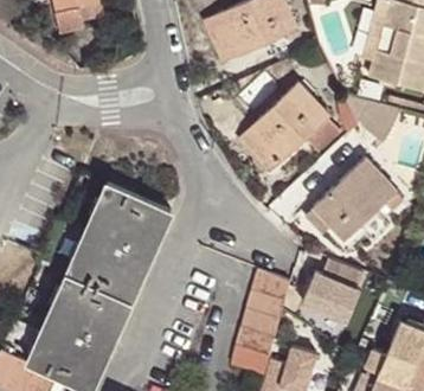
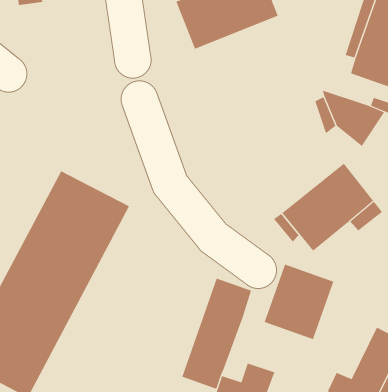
building: [239,84,339,171] -> none

